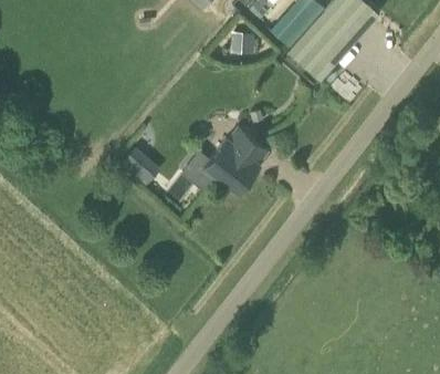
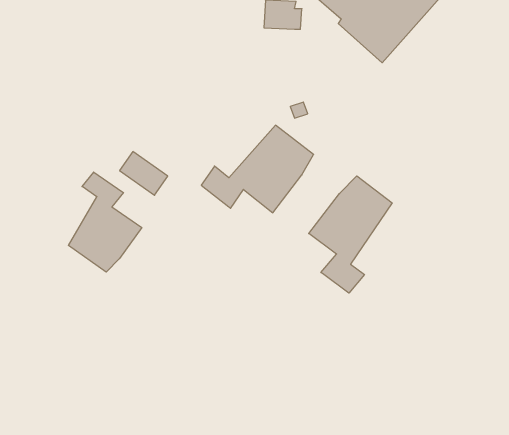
building: none -> [68,172,142,272]
building: none -> [309,176,392,293]

